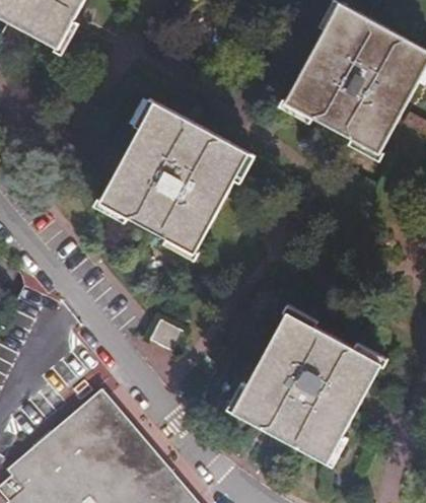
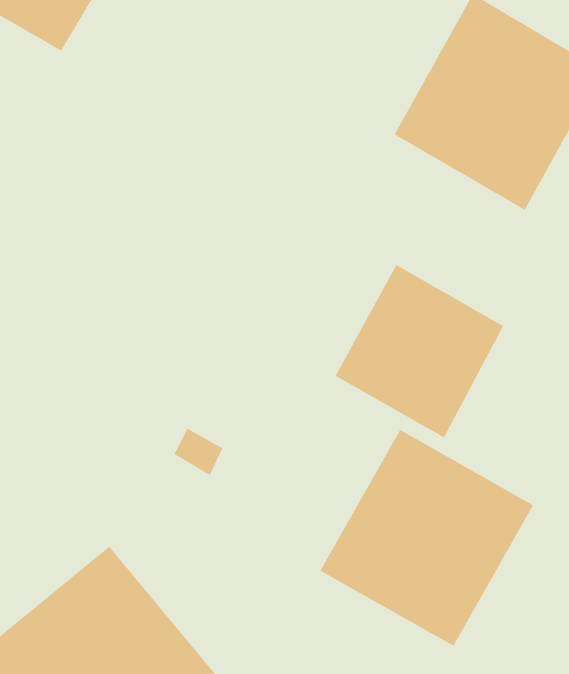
building: [101,105,251,257] -> none
building: none -> [335,264,504,438]

